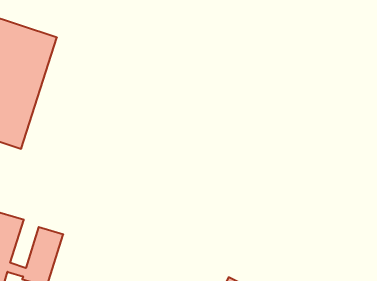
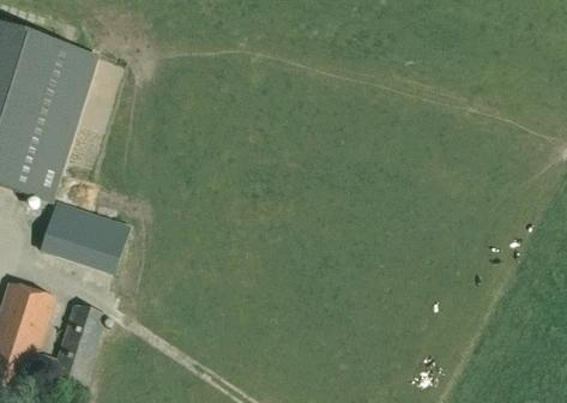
building: none -> [41,200,131,271]

